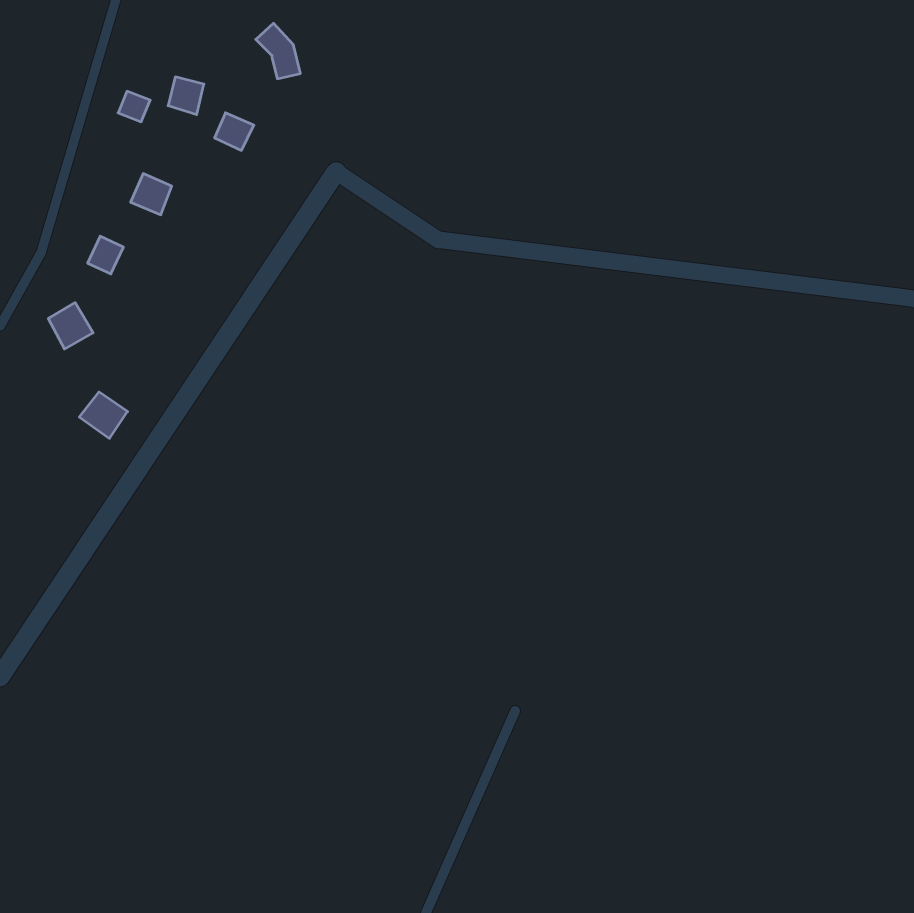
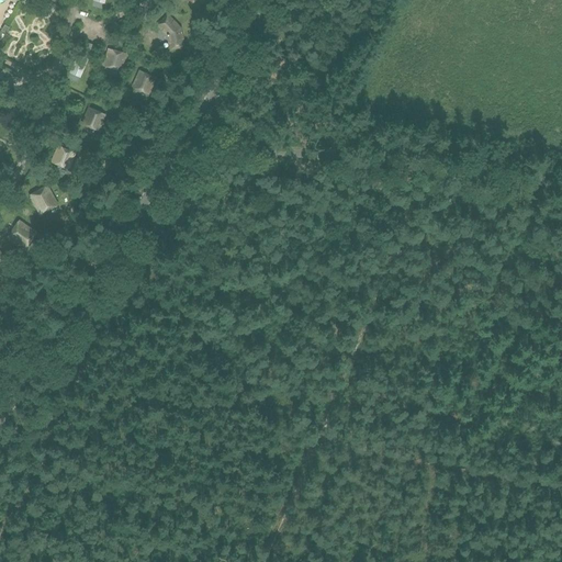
building: [79,392,128,438] -> [7,221,36,249]

